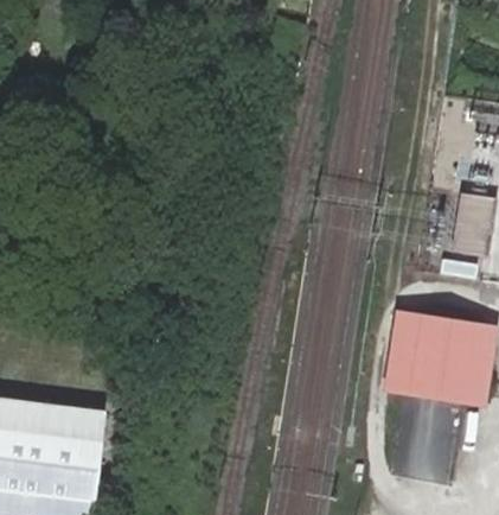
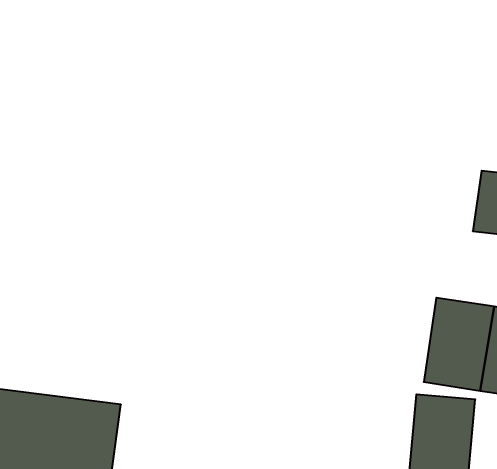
building: [384,311,420,394] -> none

